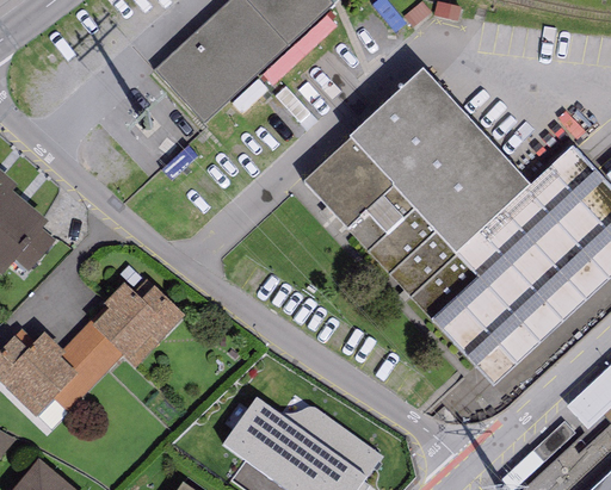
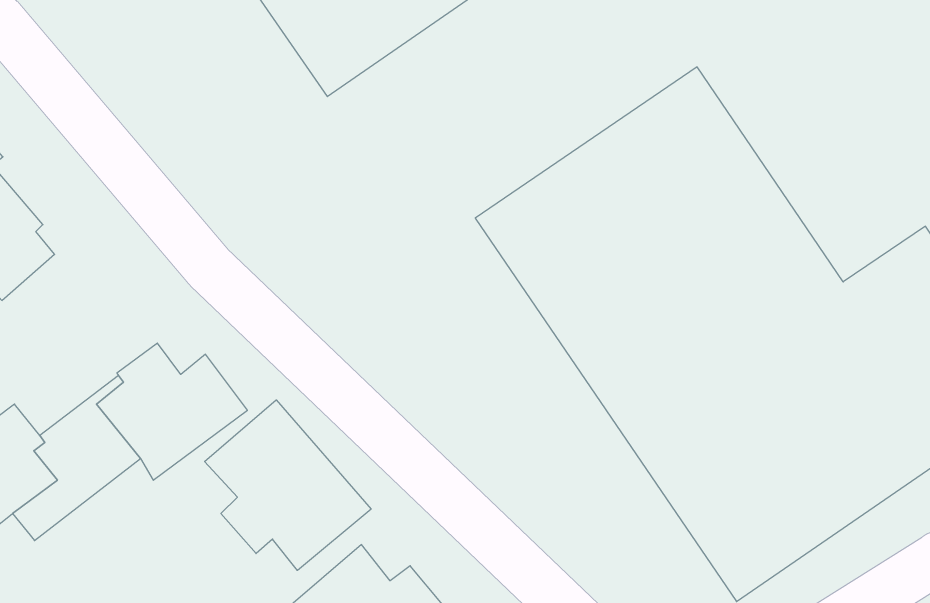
building: none -> [205,400,371,570]

